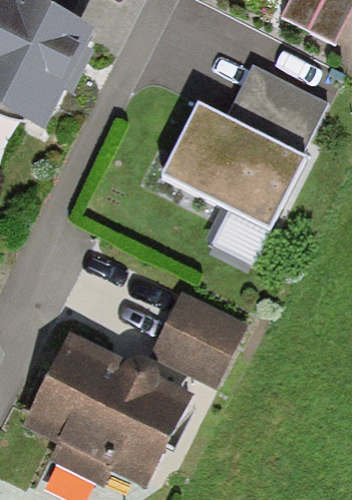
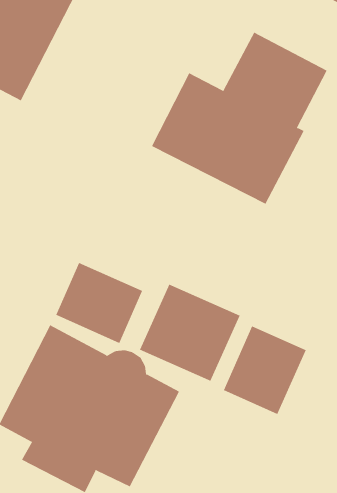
building: none -> [55,262,143,344]
building: none -> [223,325,306,415]

